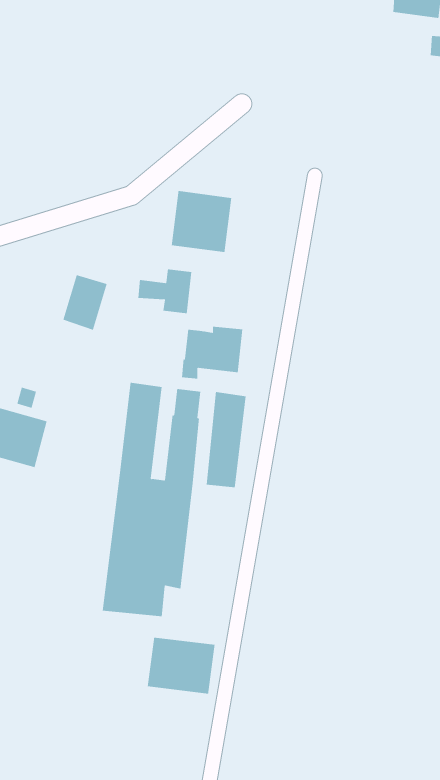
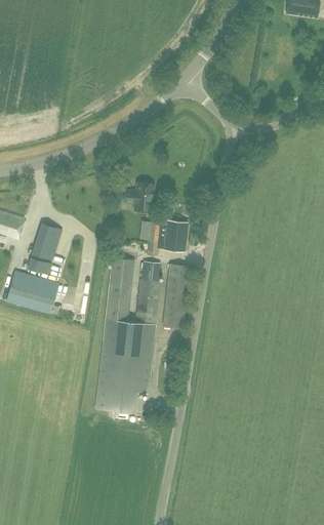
building: [171,190,232,253] -> none
building: [62,275,107,331] -> [32,223,62,259]
building: [147,637,215,694] -> none

